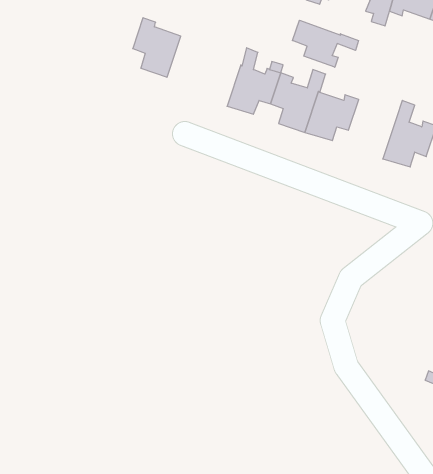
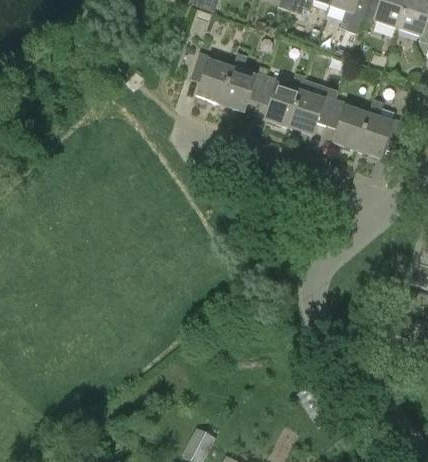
building: [133,18,181,77] -> [190,52,232,104]
building: [292,20,359,67] -> none
building: none -> [326,98,368,150]

